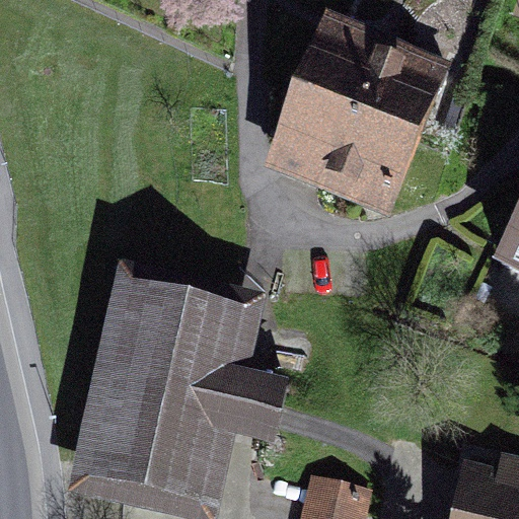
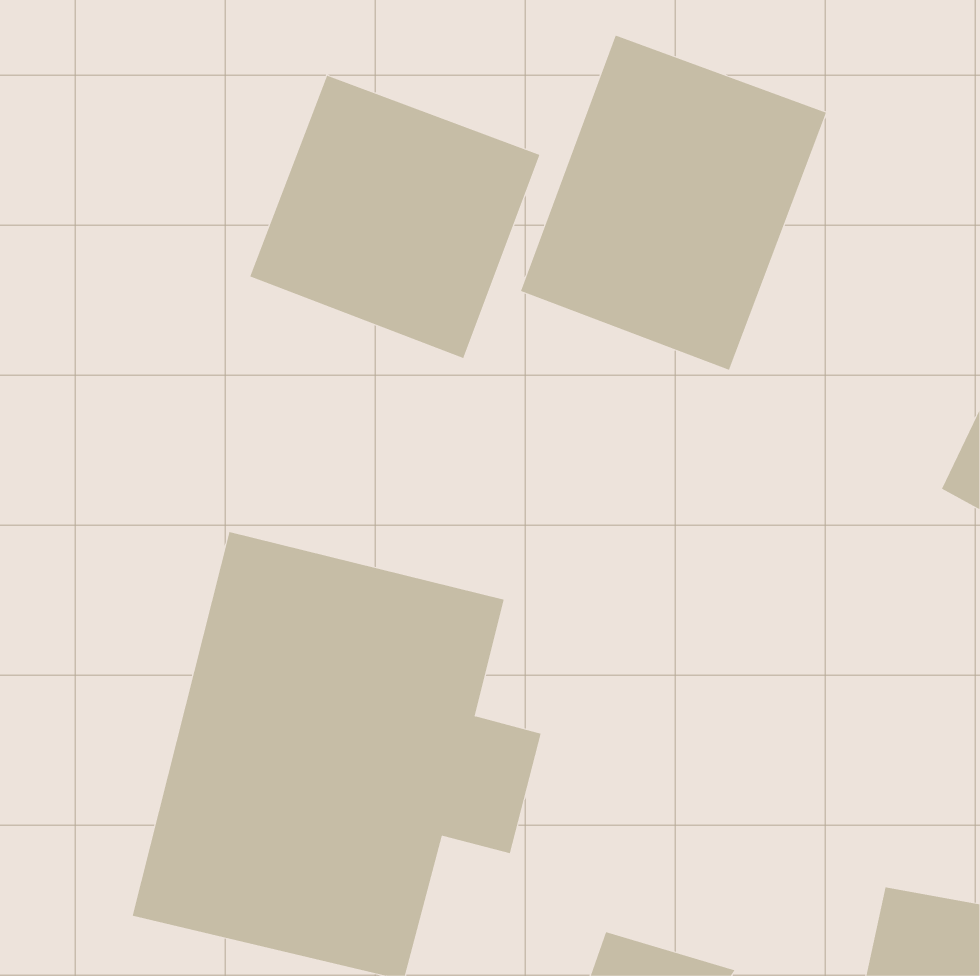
building: none -> [250,75,540,359]

